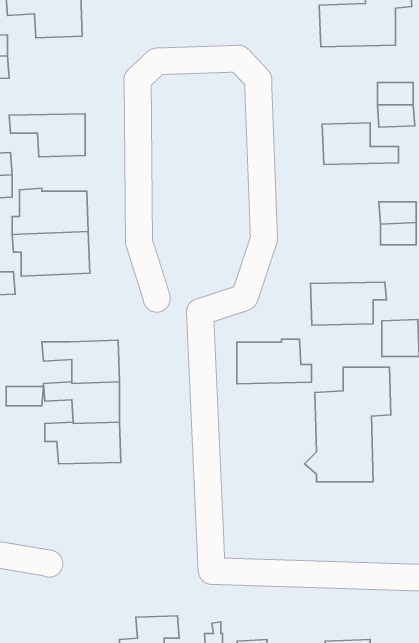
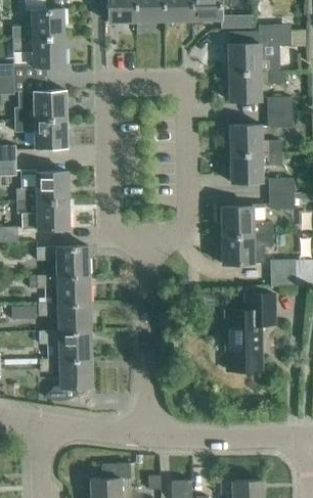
building: none -> [228,72,280,101]
building: none -> [14,90,66,120]
building: none -> [230,152,281,182]
building: none -> [37,246,89,275]
building: [237,339,311,384] -> [221,205,272,235]
building: none -> [40,358,92,401]

